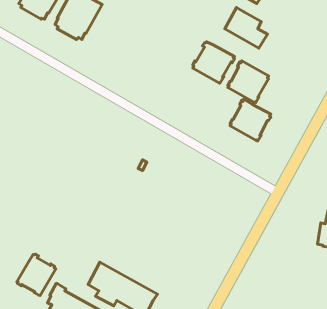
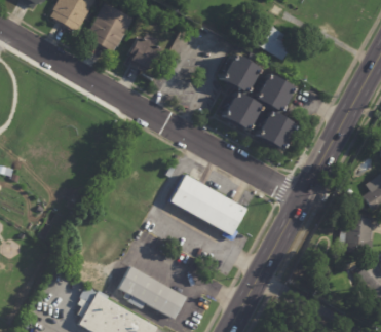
building: none -> [129,41,160,72]
building: none -> [221,90,260,131]
building: none -> [167,174,247,239]
building: [17,254,56,296] -> none

